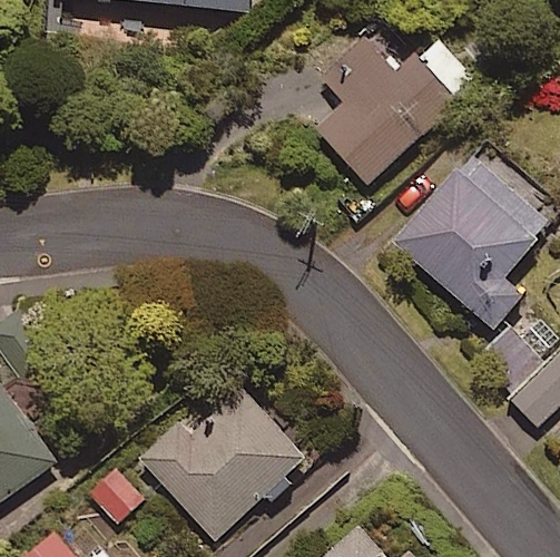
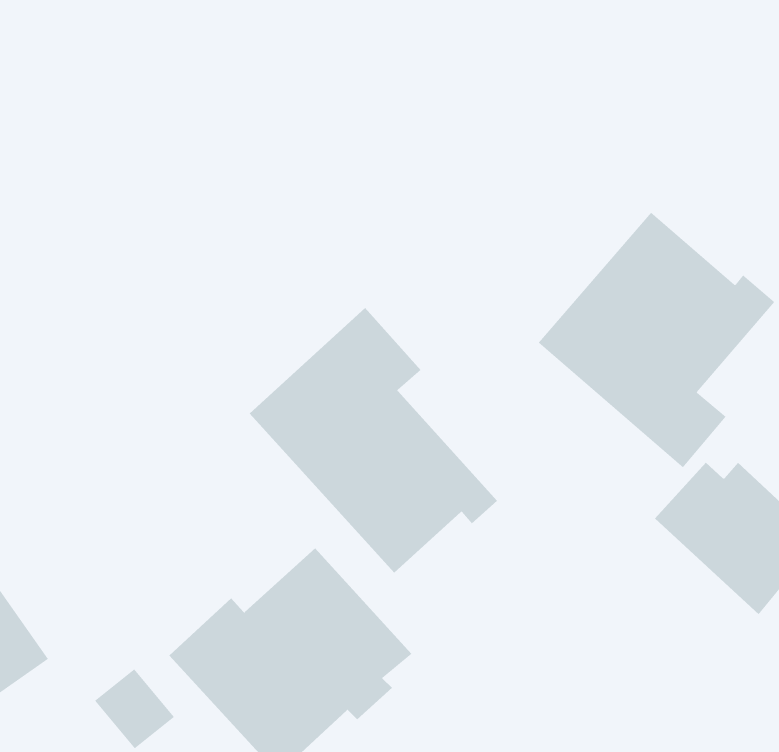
building: [315,22,478,183] -> none
building: none -> [249,307,498,574]

